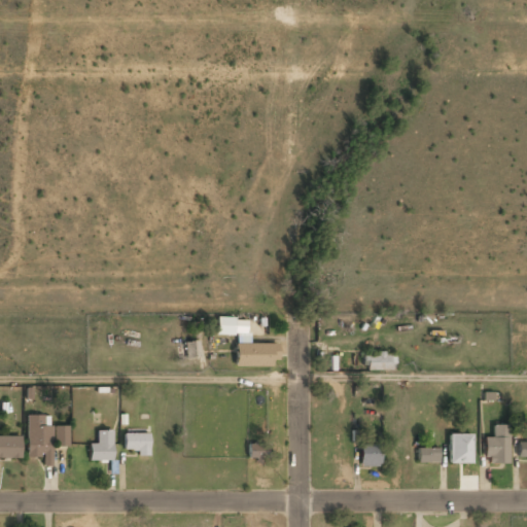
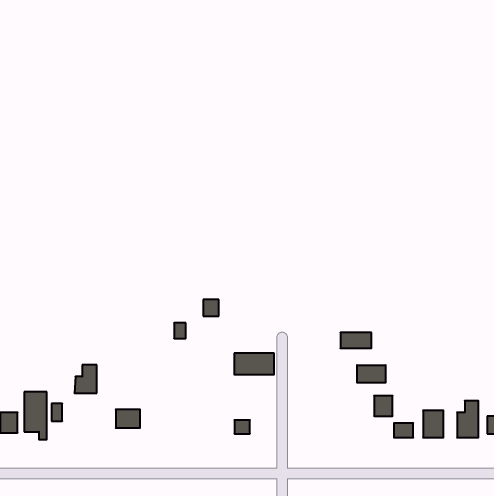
building: [237,344,279,366] -> [234,353,274,375]
building: none -> [357,365,386,383]
building: [91,430,114,460] -> [74,365,97,393]
building: [362,445,382,466] -> [374,396,393,416]

